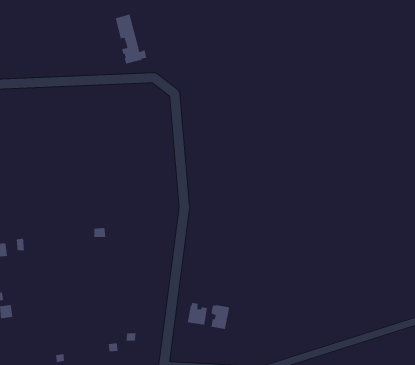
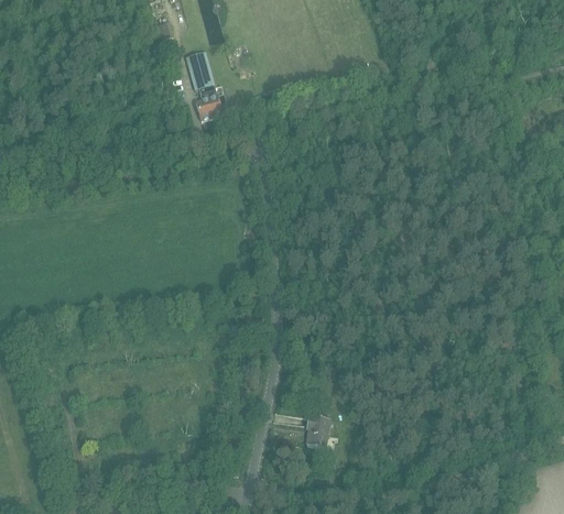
building: [187,302,208,326] -> none

